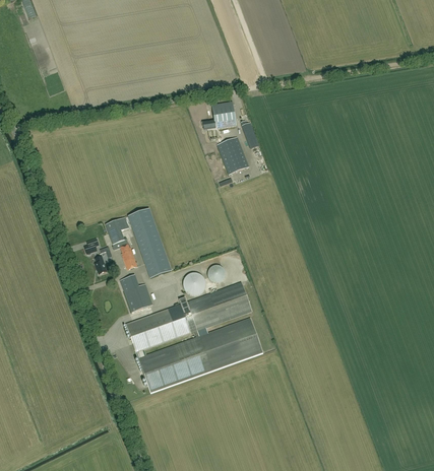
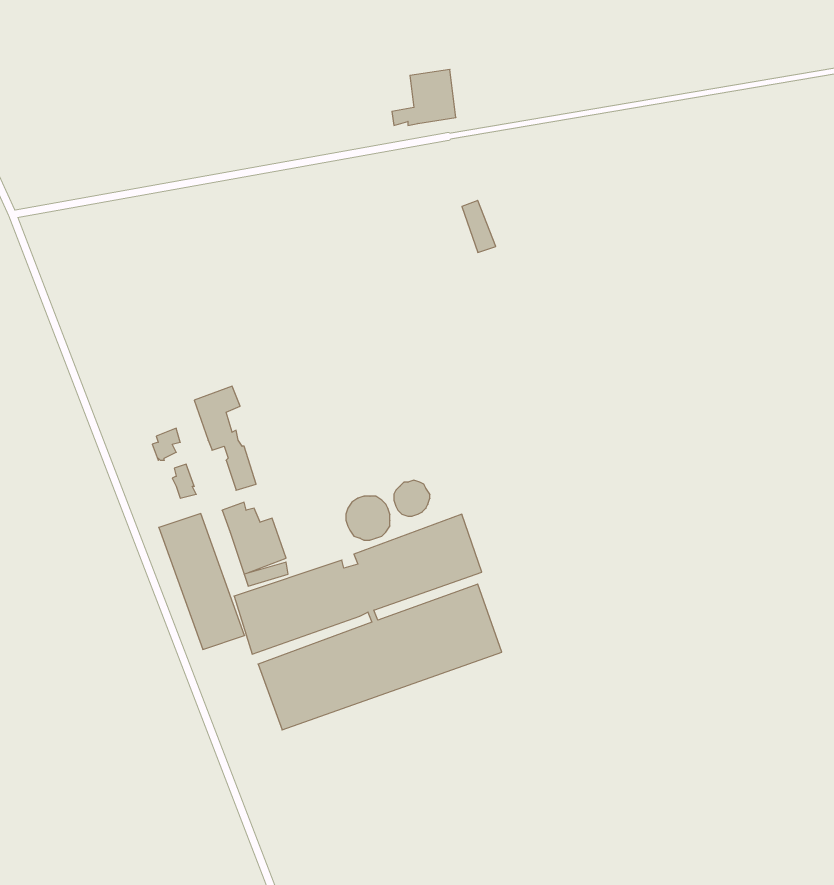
building: [203,100,236,129] -> [392,69,456,125]
building: [218,136,248,174] -> none
building: [128,208,172,277] -> [159,514,245,649]

